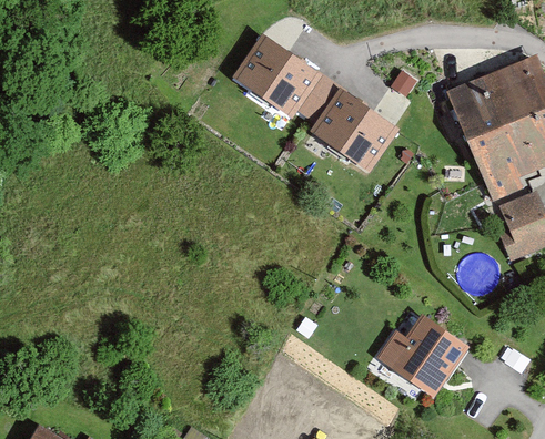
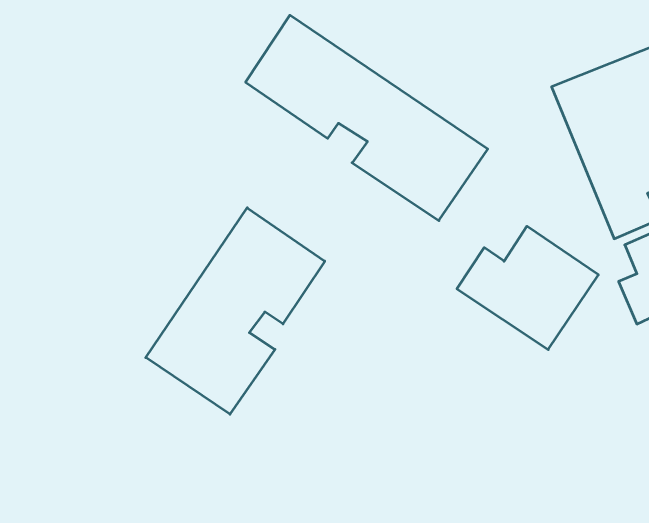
building: none -> [146,208,325,414]
building: [375,307,478,397] -> [457,226,598,350]

